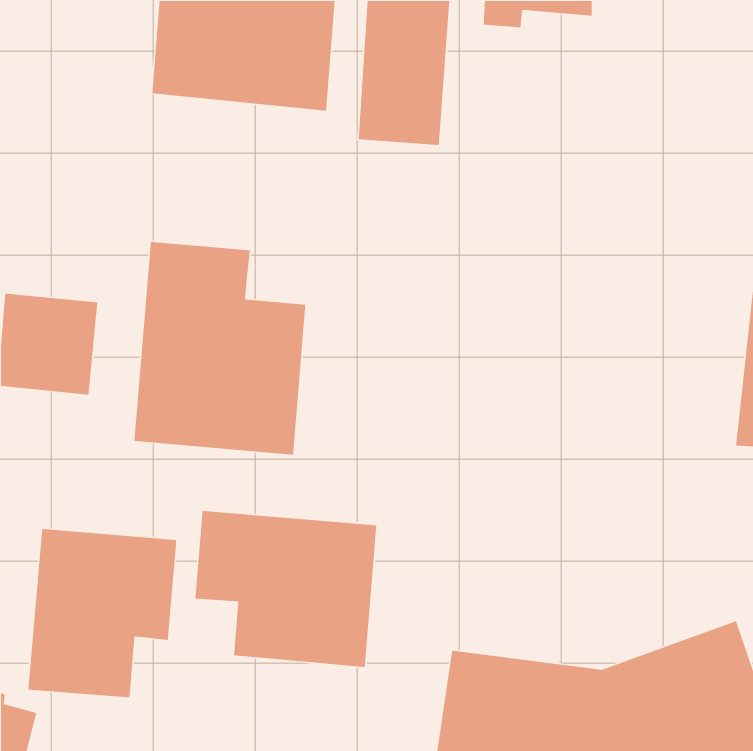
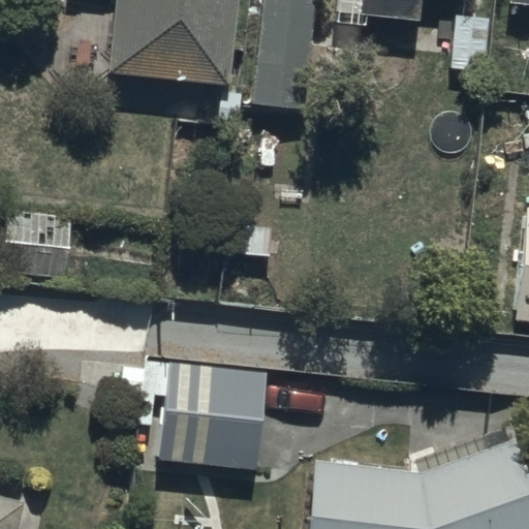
building: [133,241,306,455] -> none
building: [28,528,177,698] -> none

